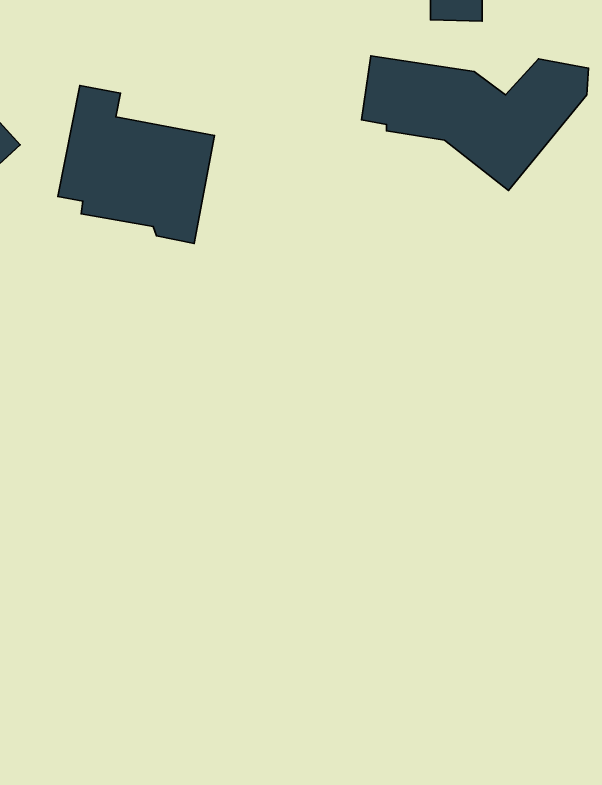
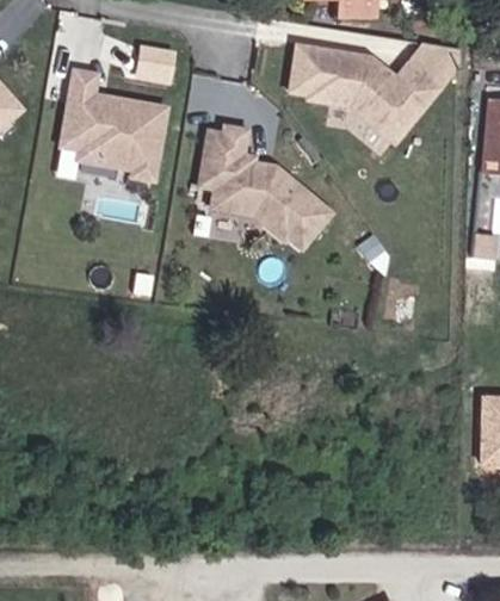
building: none -> [195,124,335,252]

